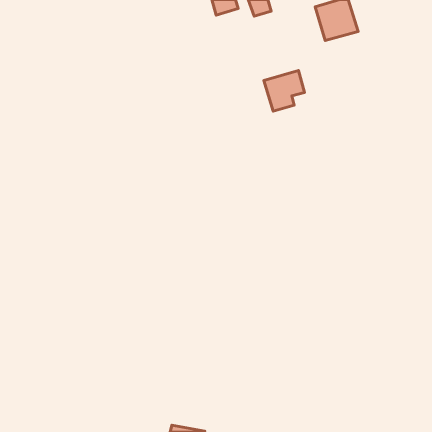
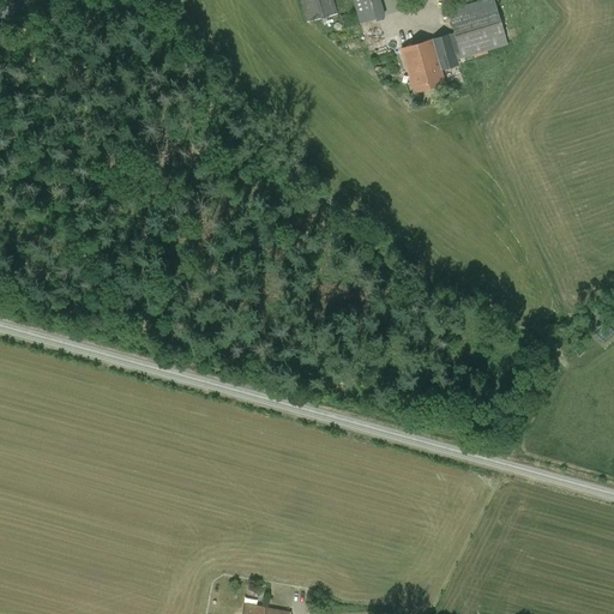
building: [264,70,304,111] -> [402,34,459,91]

